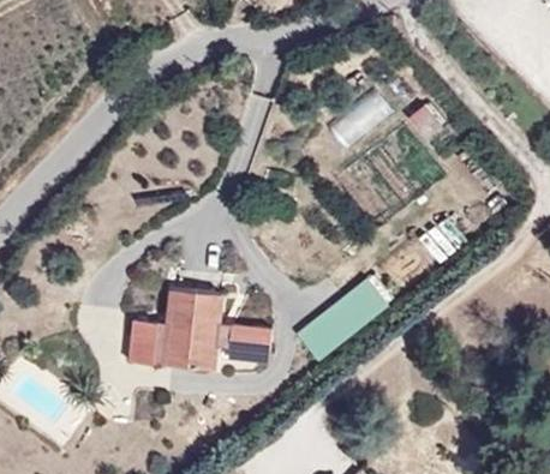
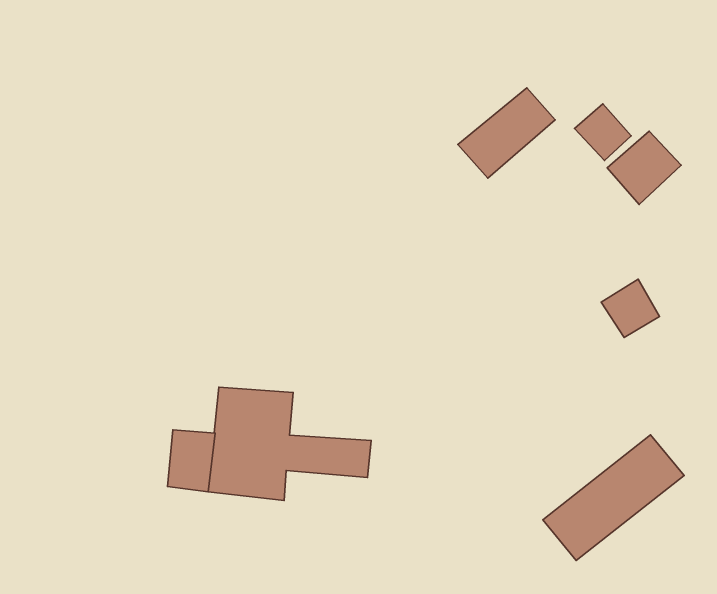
building: none -> [607,131,681,204]
building: [295,275,391,360] -> [543,435,684,561]

